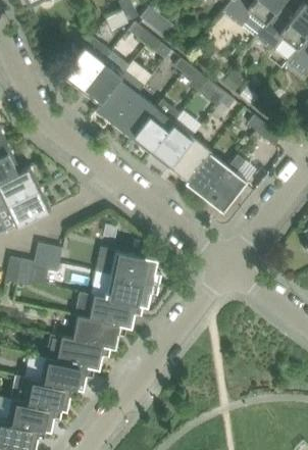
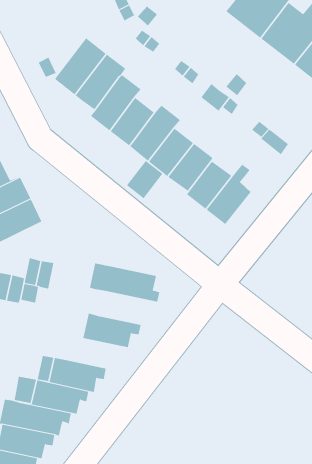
building: none -> [126,160,163,199]
building: [105,273,159,306] -> none
building: [73,315,127,347] -> none

